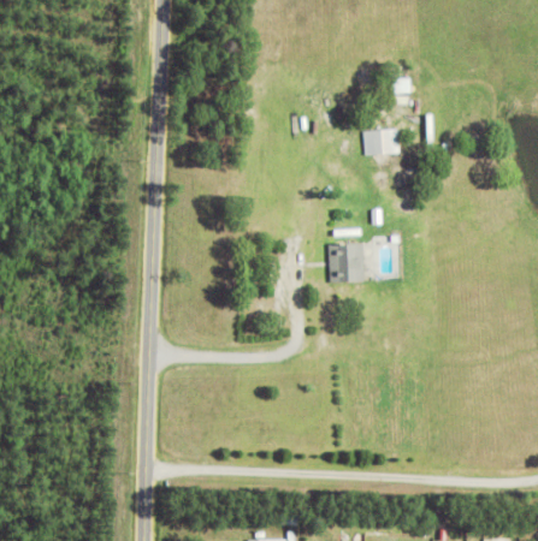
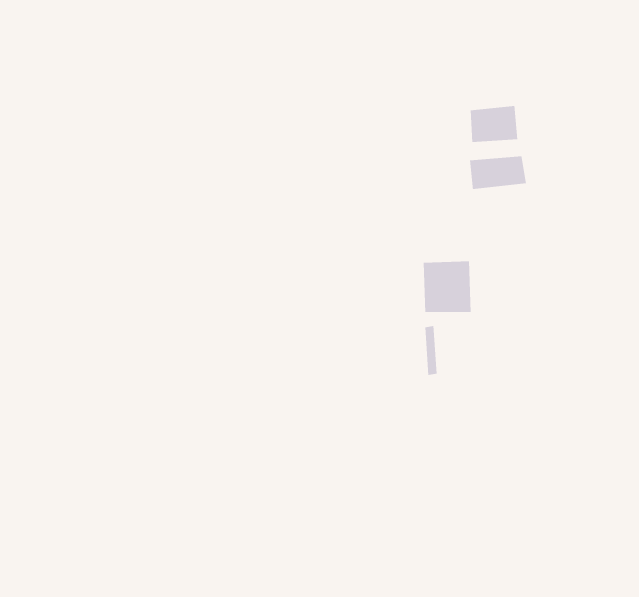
building: none -> [470,155,526,190]

